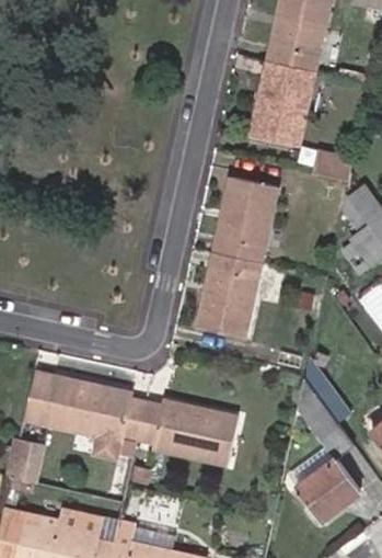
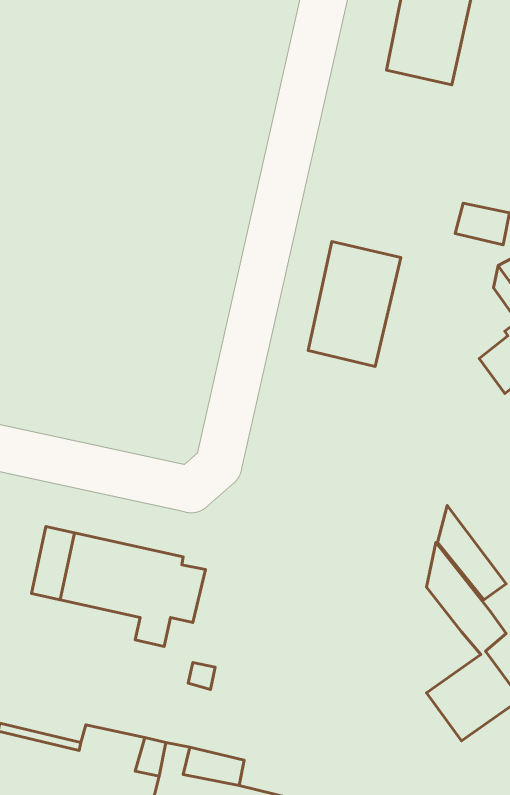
building: [253,60,314,146] -> none
building: [199,252,262,338] -> none
building: [137,401,238,464] -> none
building: [11,440,44,483] -> none

